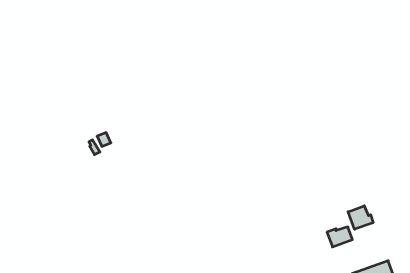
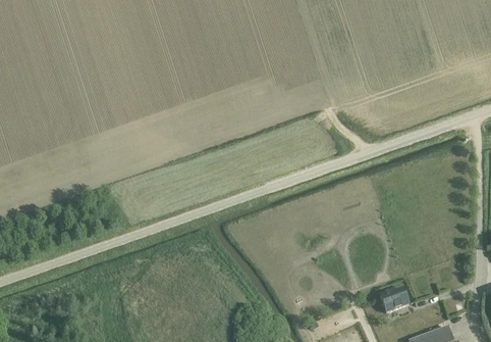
building: [348,206,373,229] -> none

